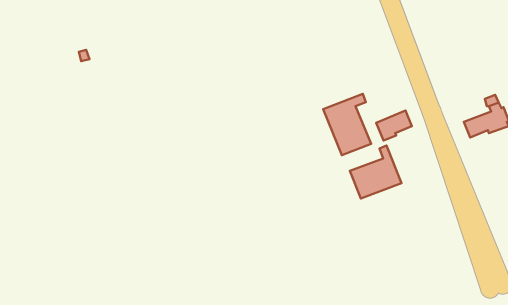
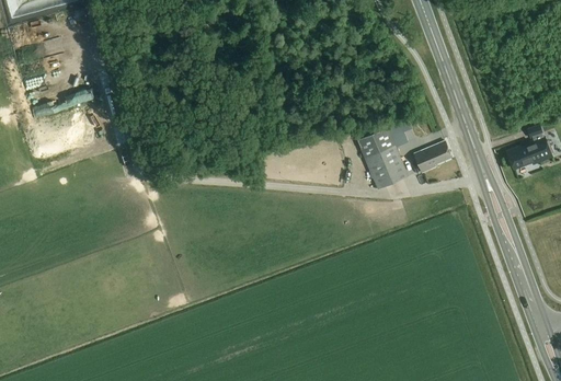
building: [350,146,401,198] -> none

